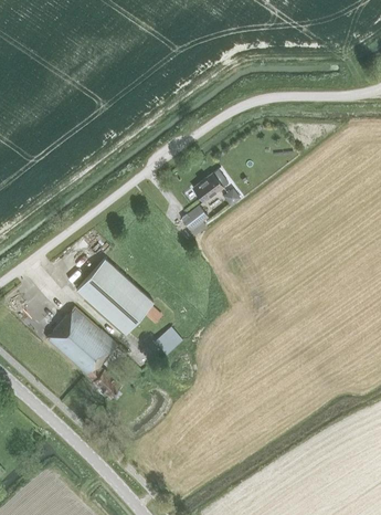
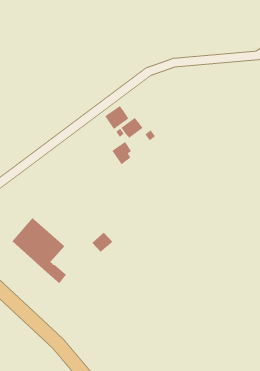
building: none -> [105,105,129,130]
building: [76,259,154,334] -> none

